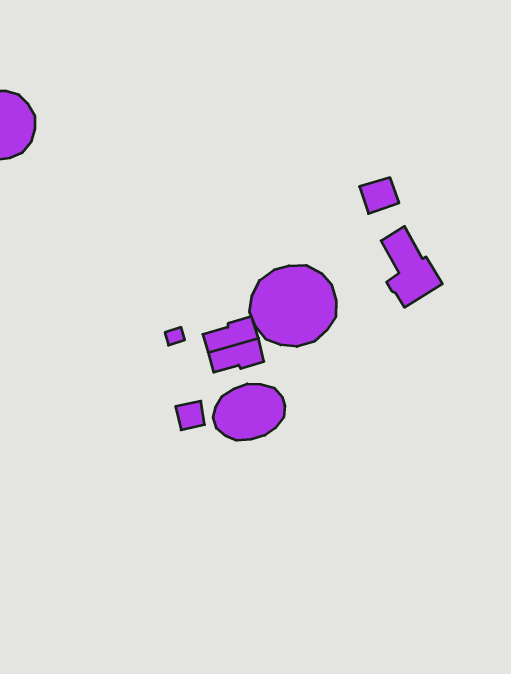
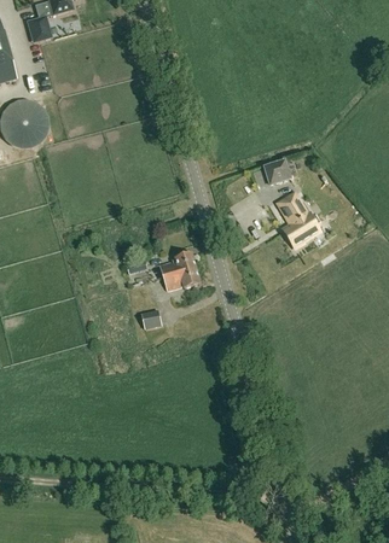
building: [249,265,336,347] -> none
building: [213,384,285,440] -> none

